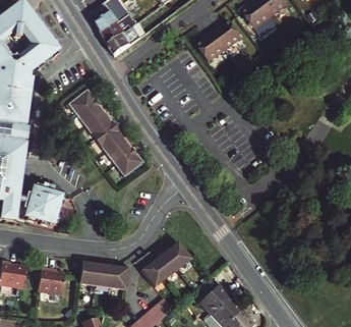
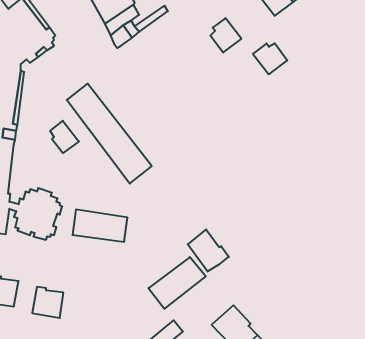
building: [211,21,241,49] -> [253,43,287,74]
building: none -> [50,121,79,153]
building: none -> [188,229,229,272]
building: [81,262,130,290] -> [72,210,128,242]

